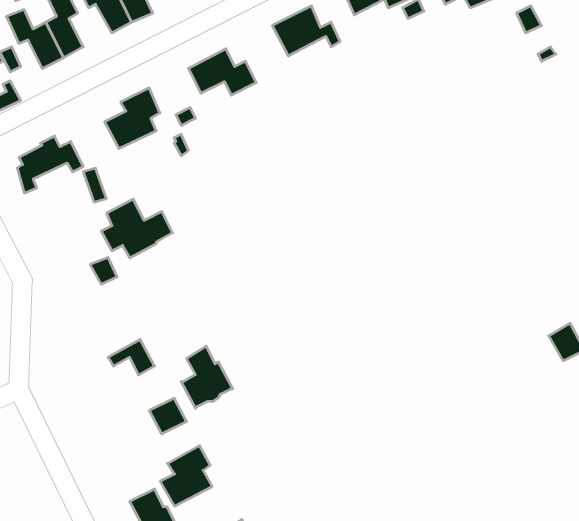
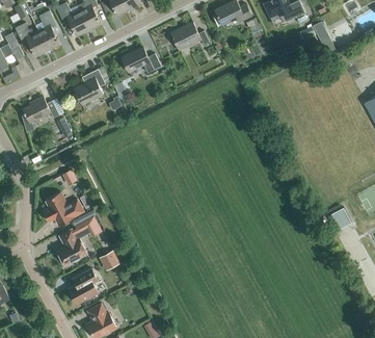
building: [101,199,173,258] -> [42,191,83,226]
building: [181,346,233,408] -> [56,229,86,265]
building: [160,446,212,506] -> [68,268,98,304]

